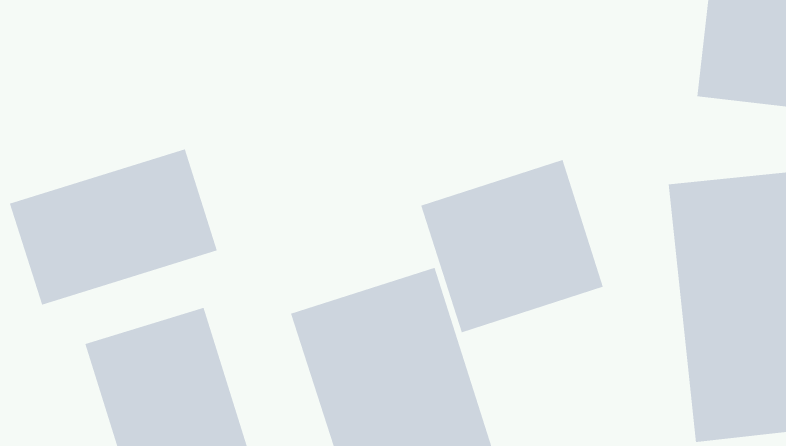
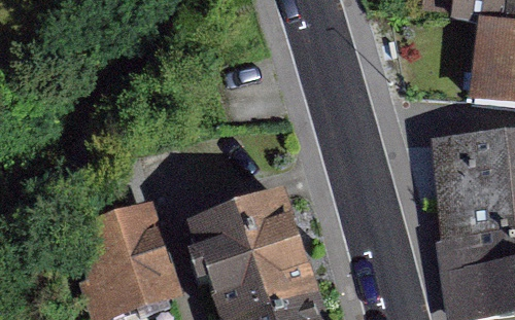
building: [9,148,218,306] -> none
building: [421,159,603,333] -> none

